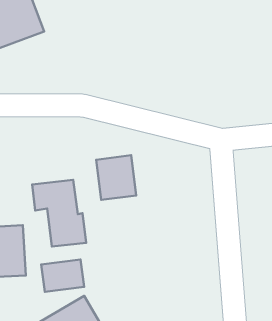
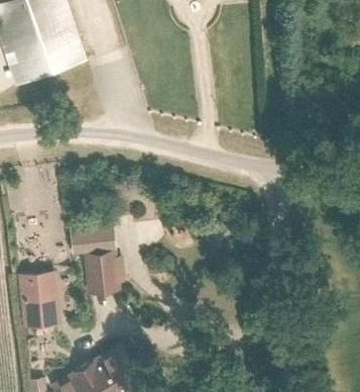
building: [96,155,136,200] -> none
building: [41,260,84,292] -> none

